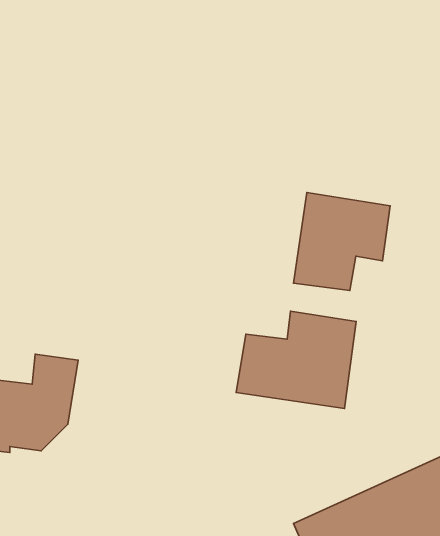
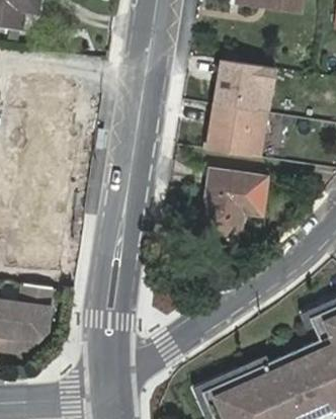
building: none -> [202,59,275,157]
building: [236,311,356,408] -> none

